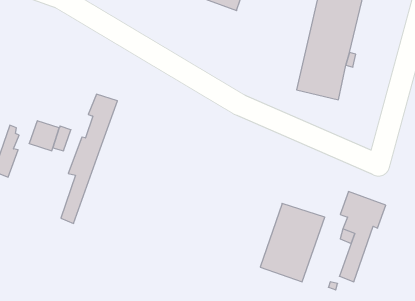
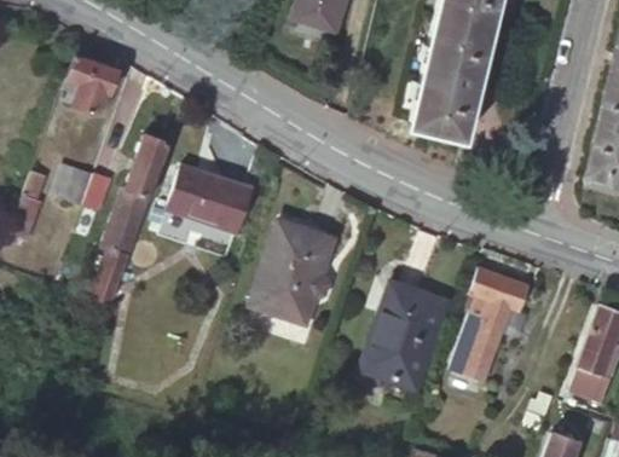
building: none -> [62,56,117,117]
building: none -> [168,167,253,233]
building: none -> [254,213,337,314]

